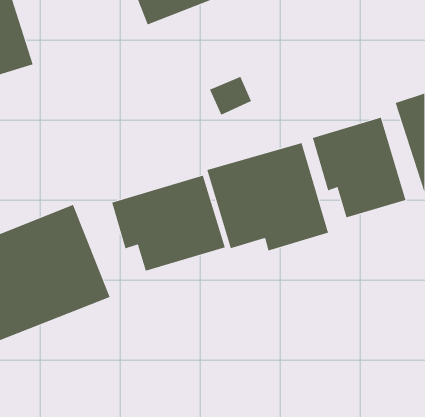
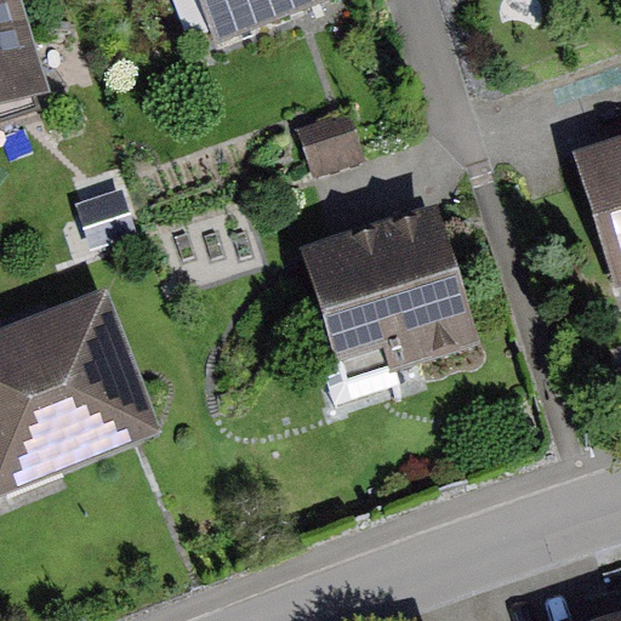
building: [312,117,406,218] -> none
building: [111,175,226,272] -> none

